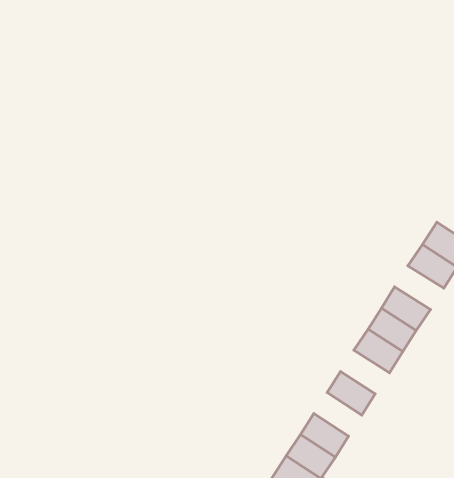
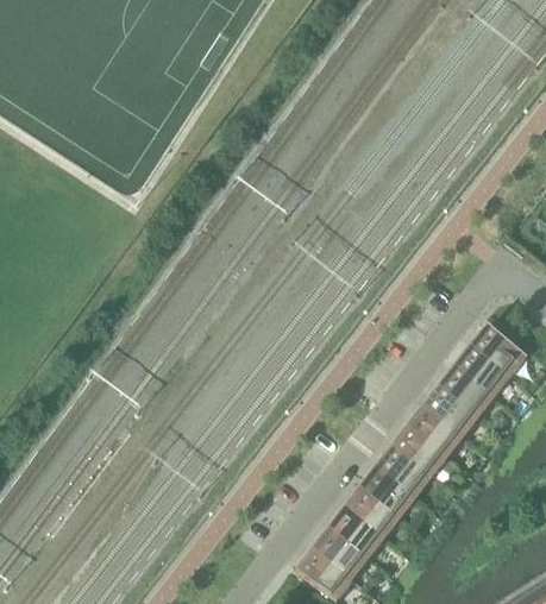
building: none -> [439,366,489,413]
building: none -> [376,447,426,493]
building: none -> [345,487,394,534]

